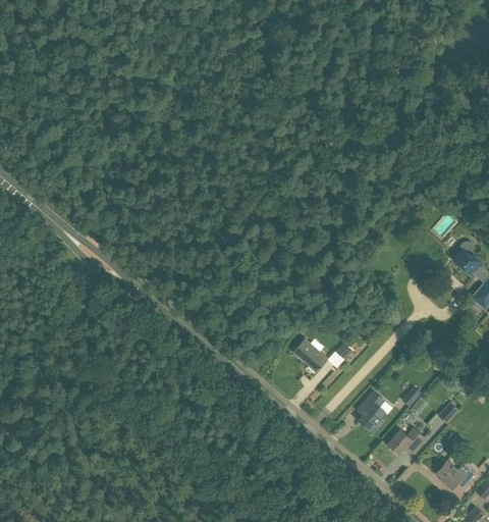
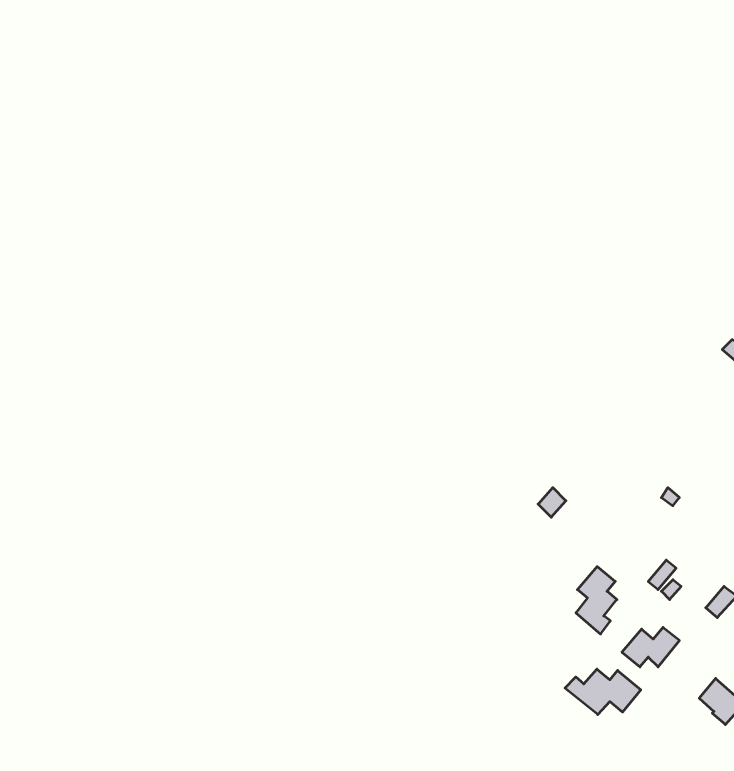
building: [292,338,327,371] -> none
building: none -> [565,669,641,715]

